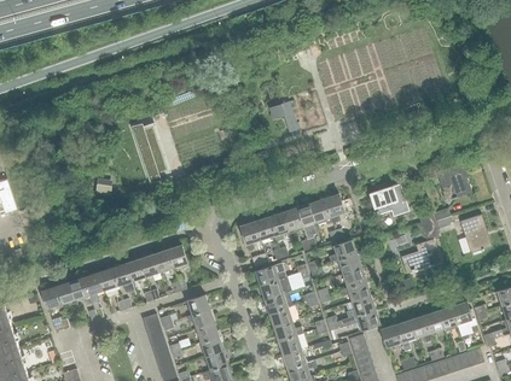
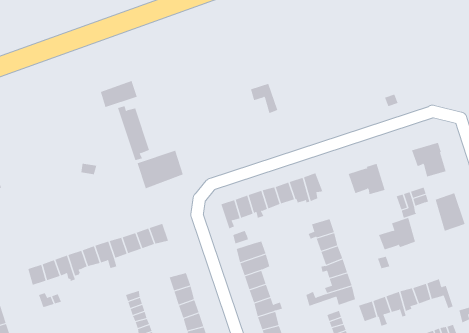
building: none -> [100,80,137,108]
building: none -> [137,150,183,189]

